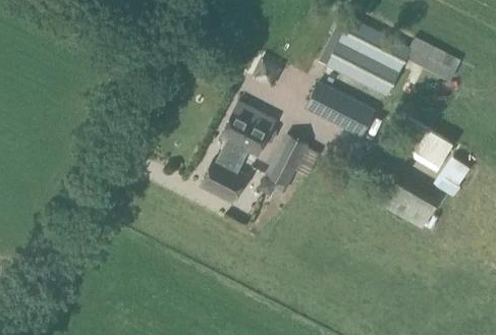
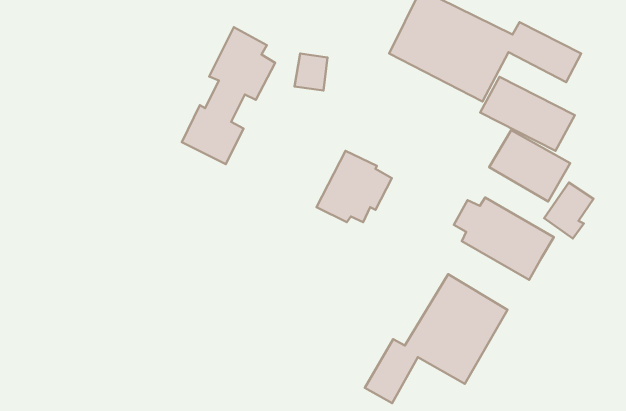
building: [306,81,376,136] -> [480,77,575,151]
building: [202,101,271,203] -> [182,27,275,164]
building: none -> [365,274,507,403]

